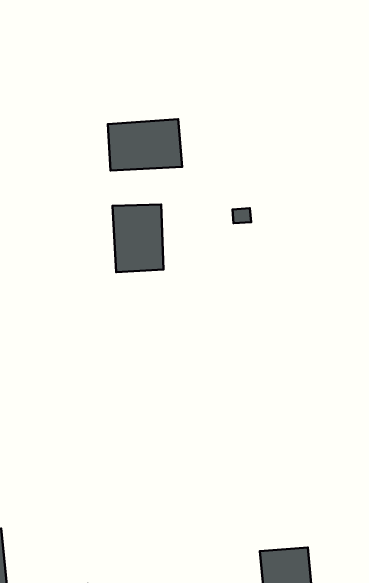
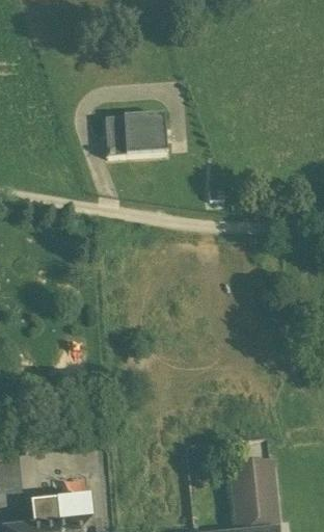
building: [113,204,163,272] -> none

